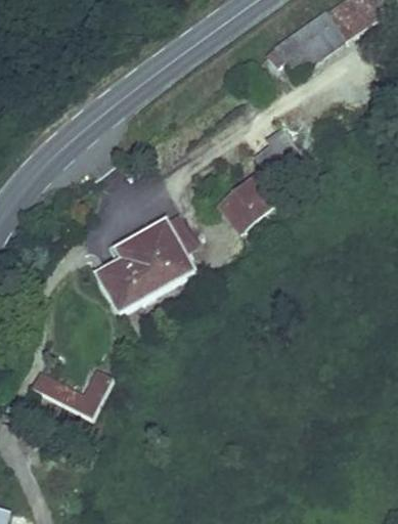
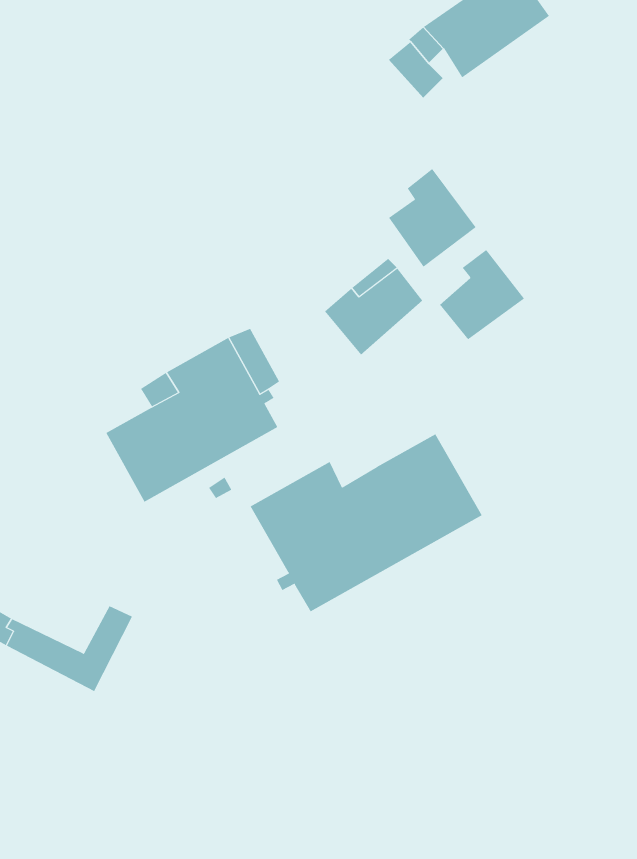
building: none -> [439,249,525,340]
building: none -> [250,433,482,612]

